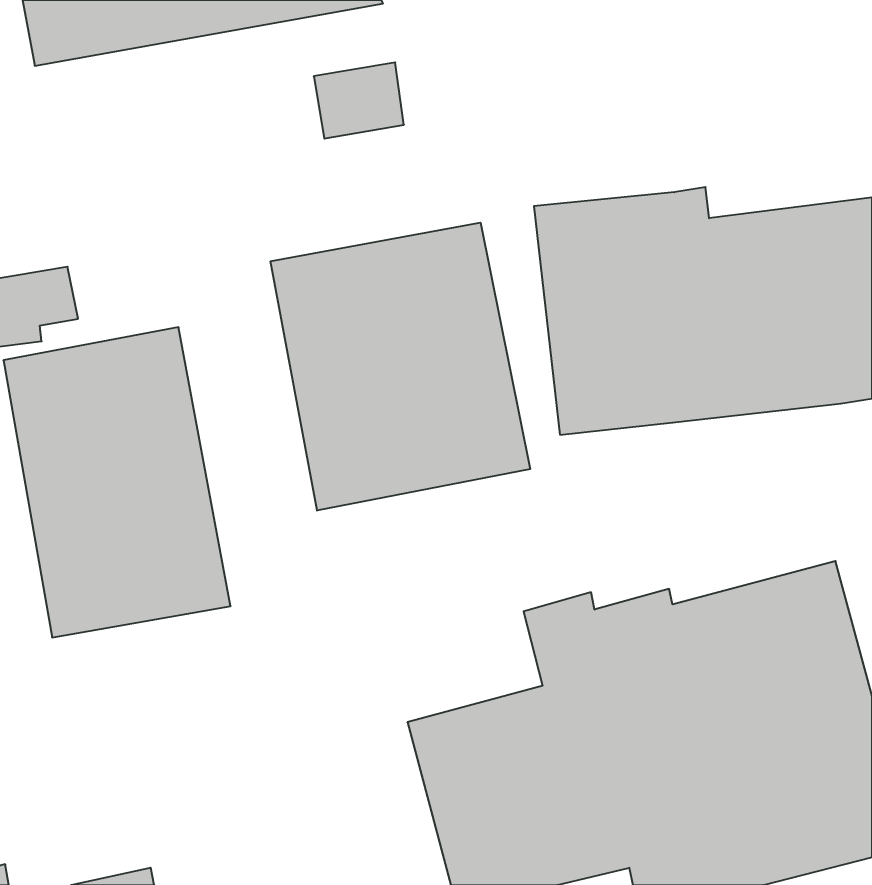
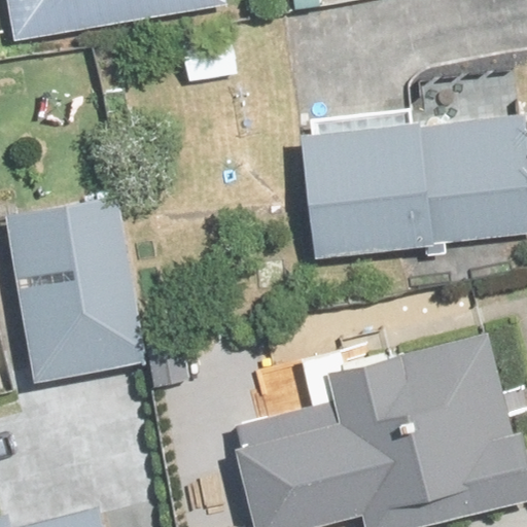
building: [271,223,530,511] -> none

